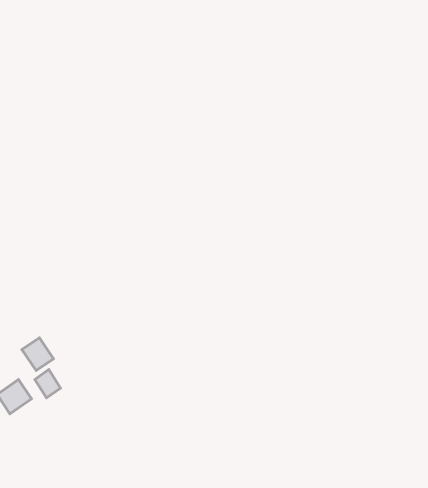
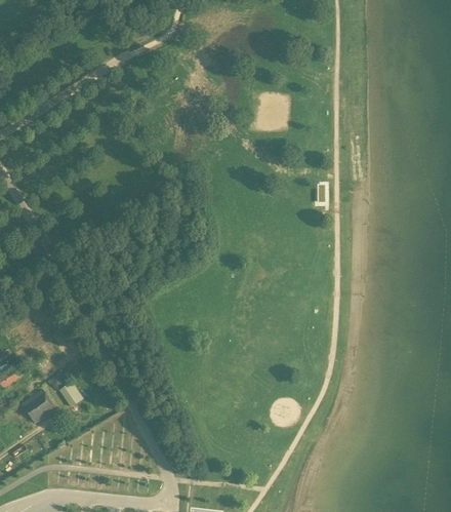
building: [22,338,54,370] -> none

